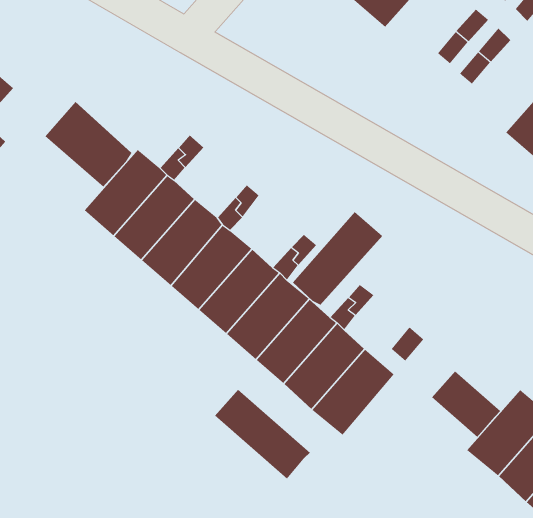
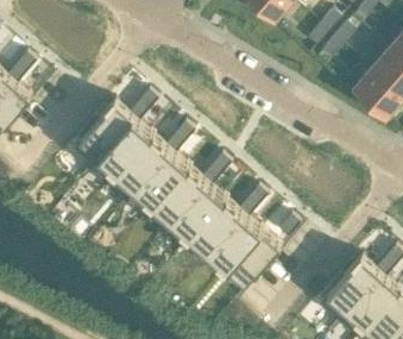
building: [44,101,132,188] -> none
building: [292,211,383,306] -> none
building: [431,370,501,438] -> none
building: [214,389,311,479] -> none

